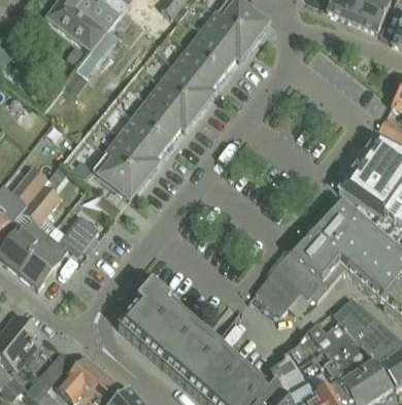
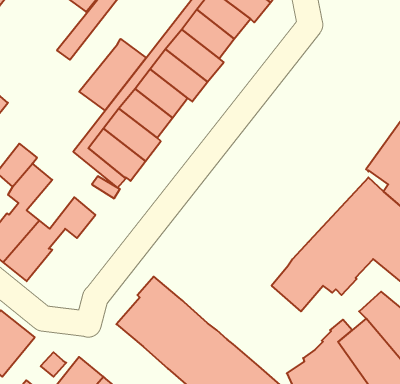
building: none -> [79,39,146,111]

